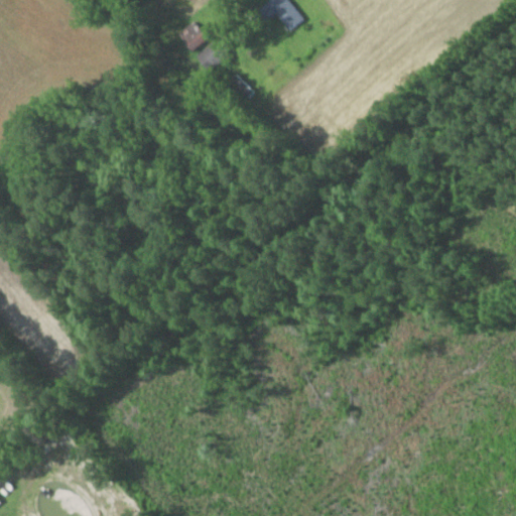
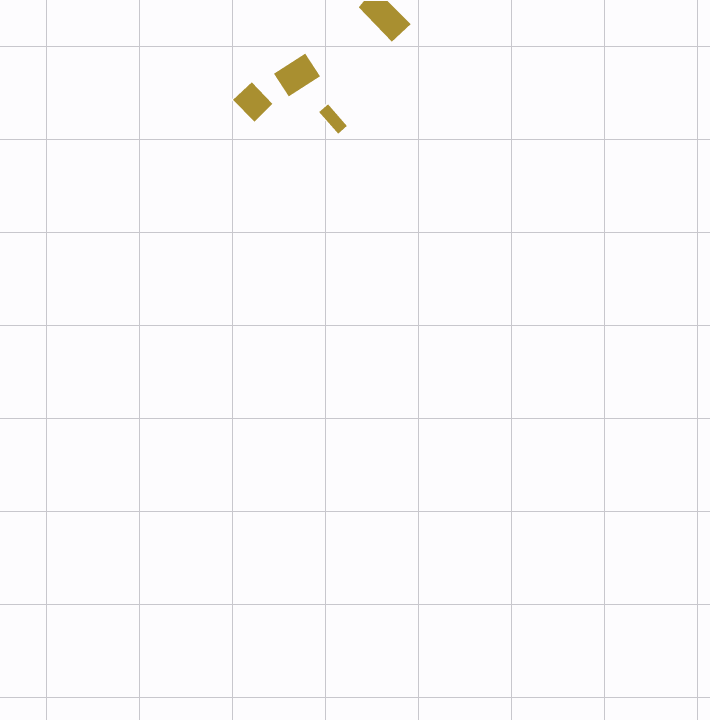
building: [176,21,206,50] -> [232,81,273,122]

